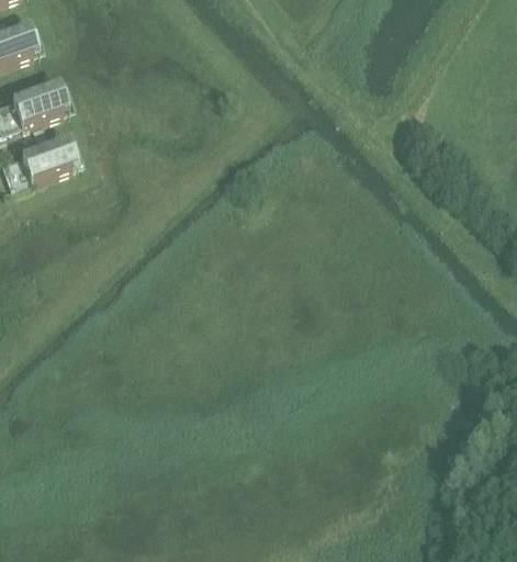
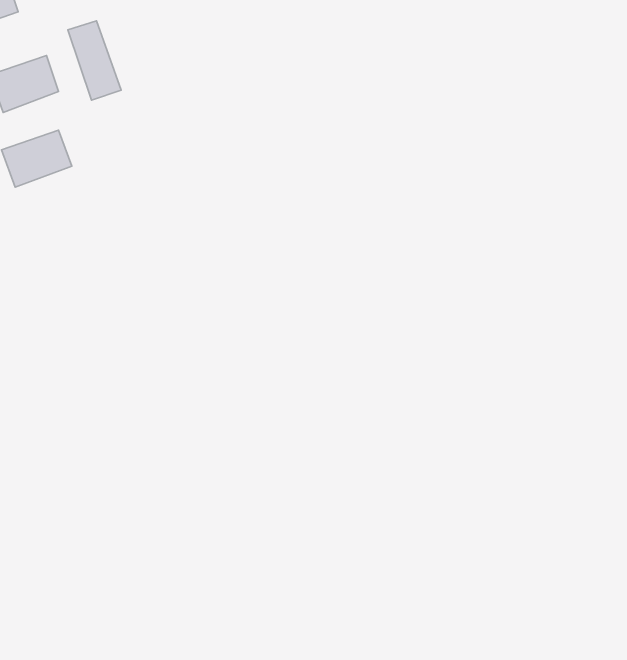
building: none -> [68,21,121,100]

